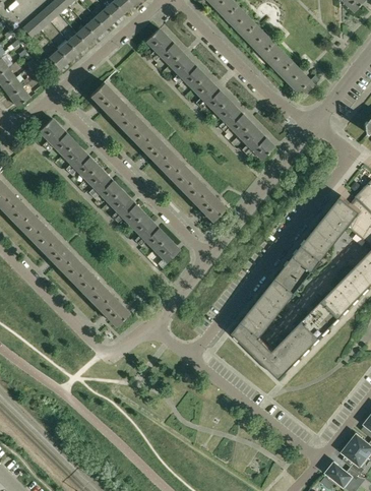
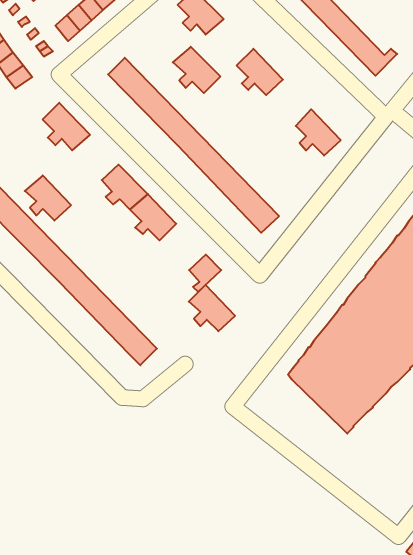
building: [168,52,205,88] -> [173,47,220,93]
building: [215,100,251,136] -> none
building: [62,143,99,179] -> [25,175,71,221]
building: [131,213,168,250] -> [189,285,235,331]

